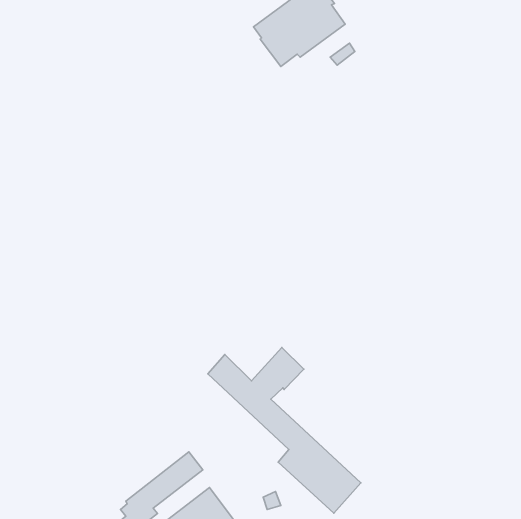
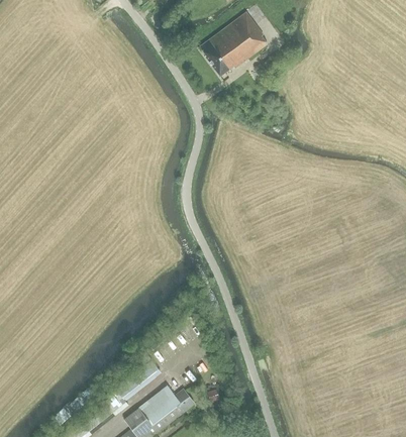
building: [208,348,361,513] -> none

